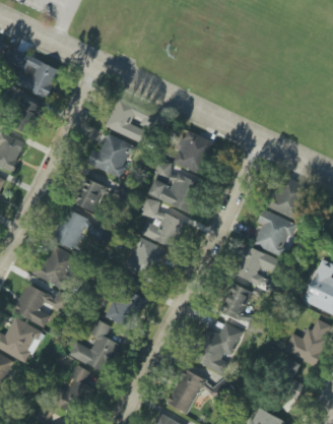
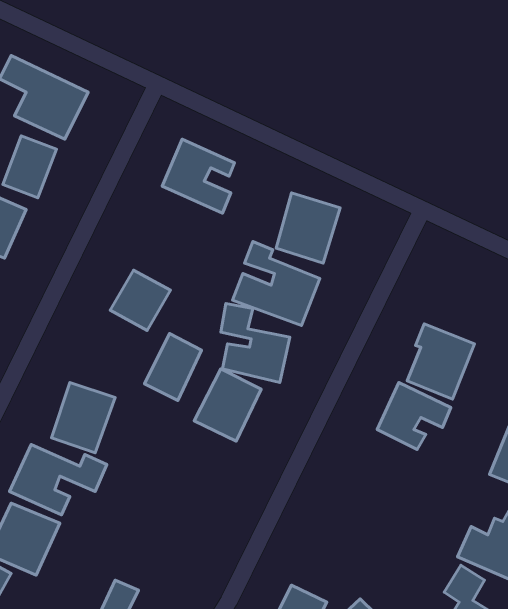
building: [86,133,133,178] -> none
building: [269,175,305,218] -> none
building: [53,208,87,249] -> [144,333,201,400]
building: [219,283,256,325] -> none
building: [105,286,145,329] -> none
building: [67,319,118,371] -> none
building: [192,322,242,374] -> none

